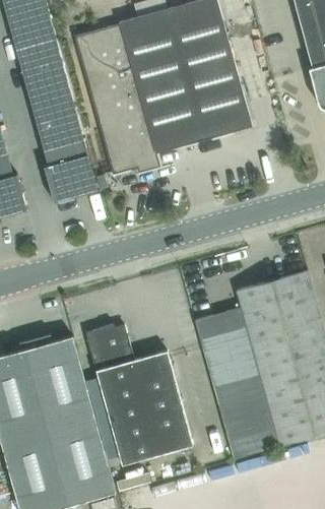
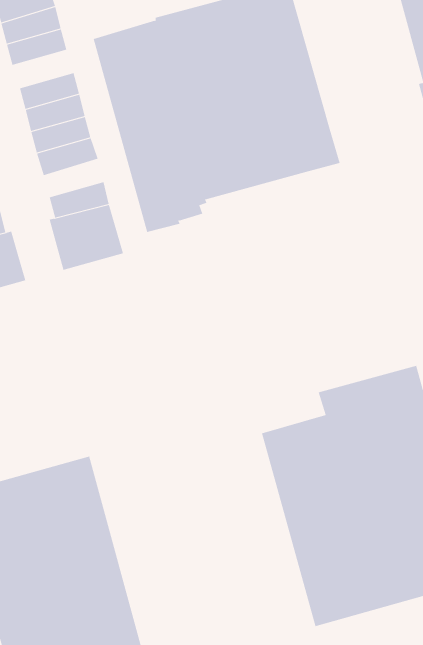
building: [17,45,62,72] -> none
building: [40,123,83,150] -> none
building: [85,325,194,465] -> none

